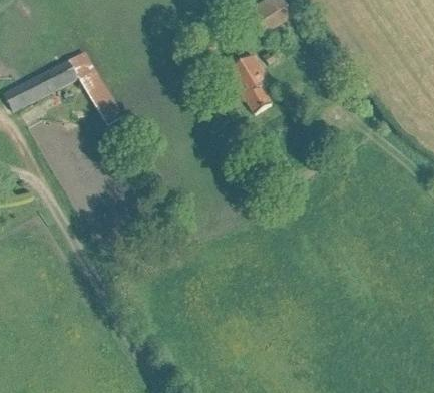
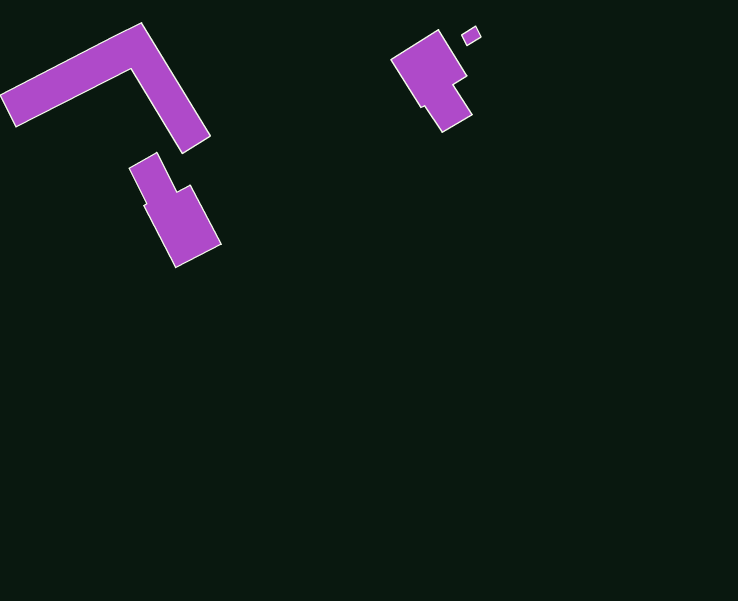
building: none -> [129,152,221,268]

